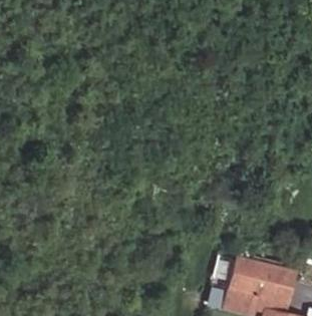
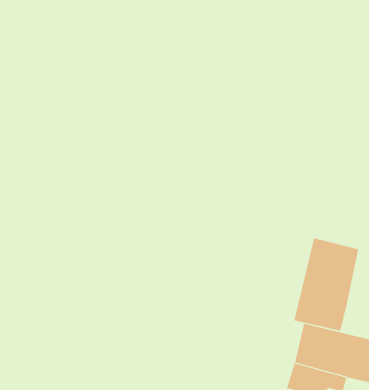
building: none -> [294,237,359,331]

